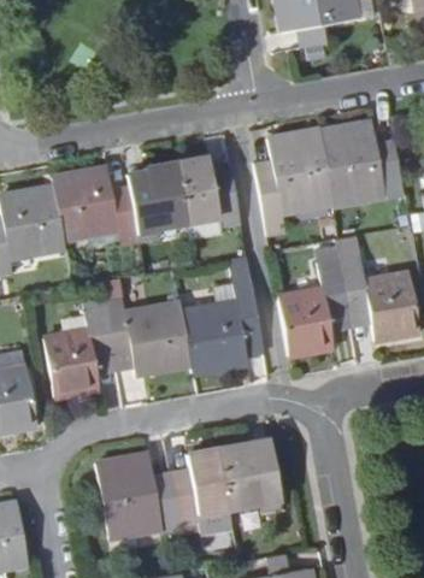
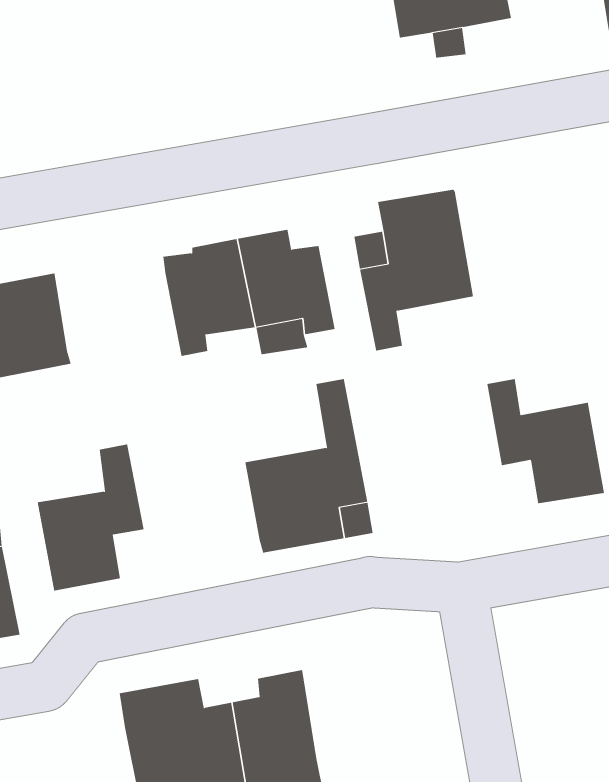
building: [320,123,401,205] -> none
building: [54,169,139,246] -> none
building: [279,260,351,354] -> none
building: [104,296,190,374] -> none
building: [219,441,282,513] -> none

